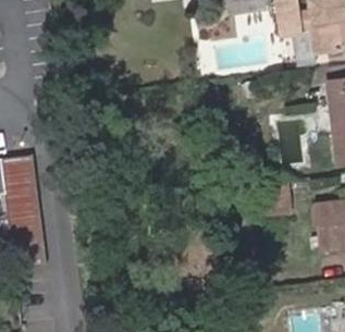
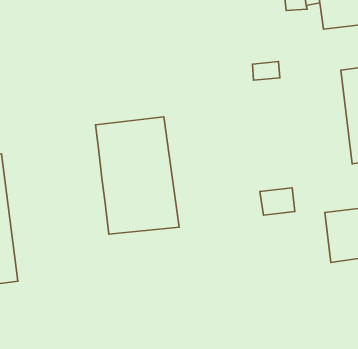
building: none -> [95,117,179,234]

